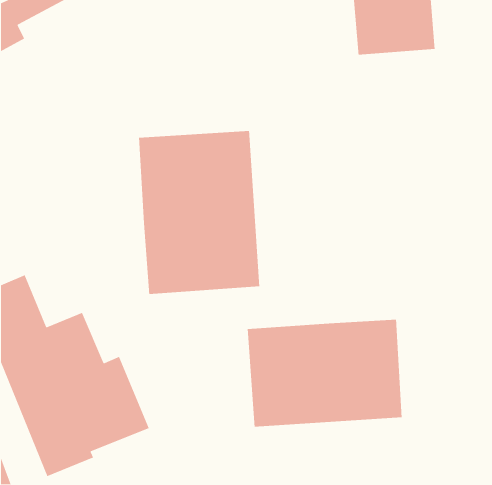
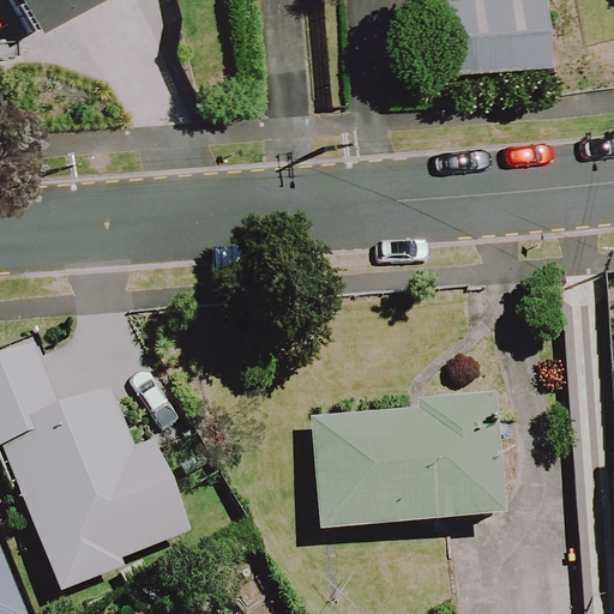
building: [138,130,260,295] -> none

